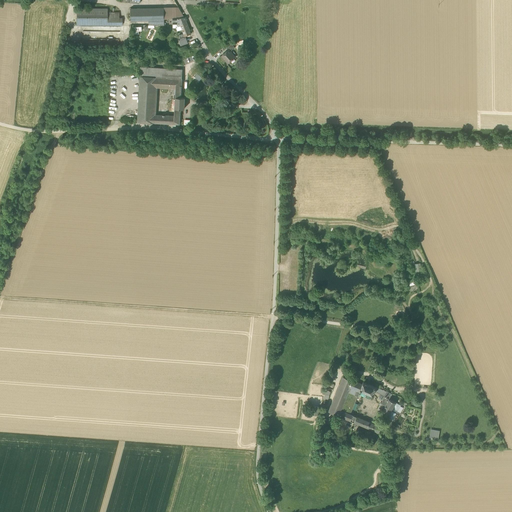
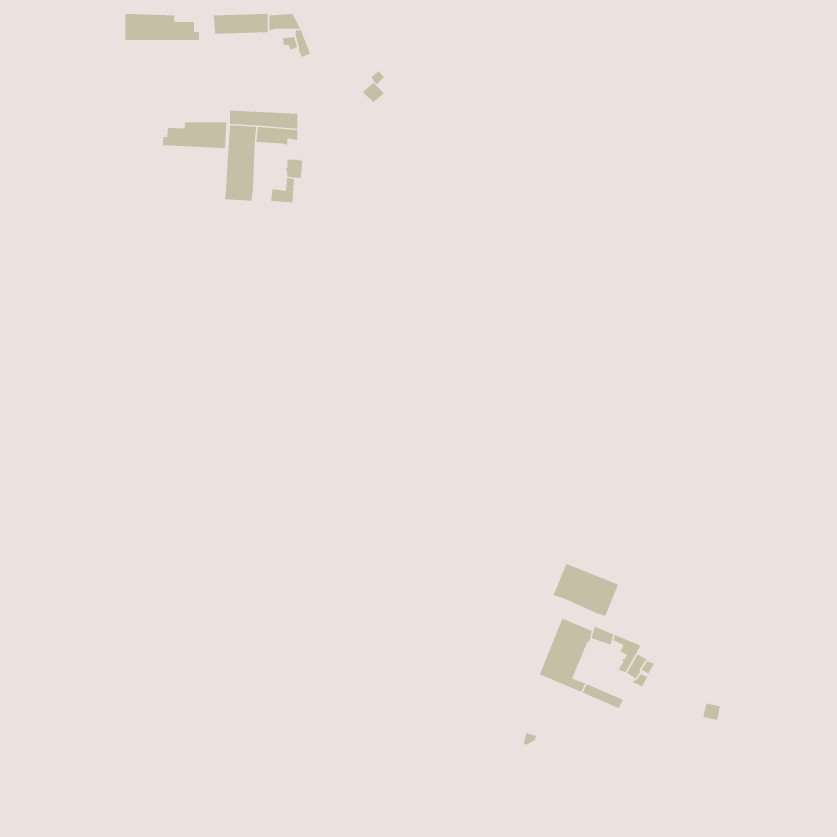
building: none -> [162,121,227,149]
building: none -> [553,563,619,617]

